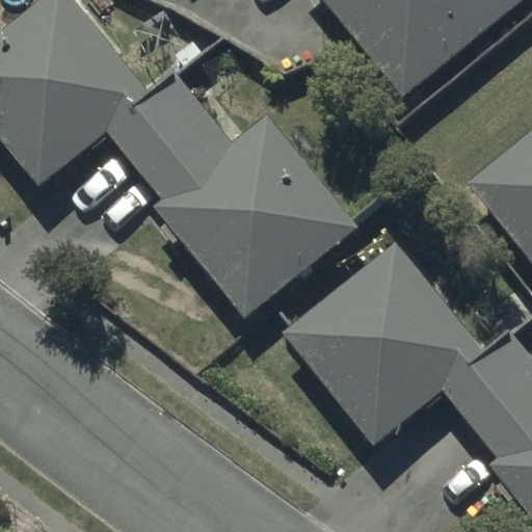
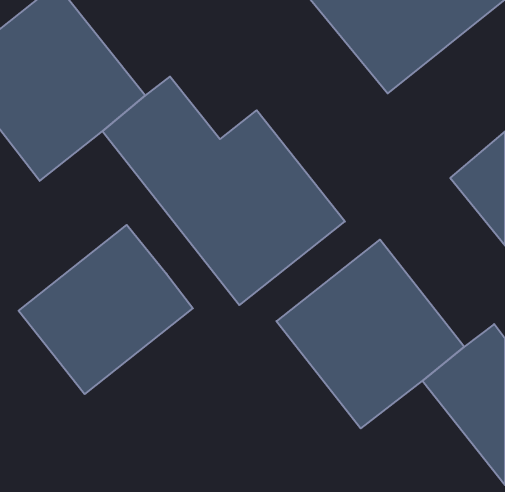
building: none -> [19,225,193,394]

